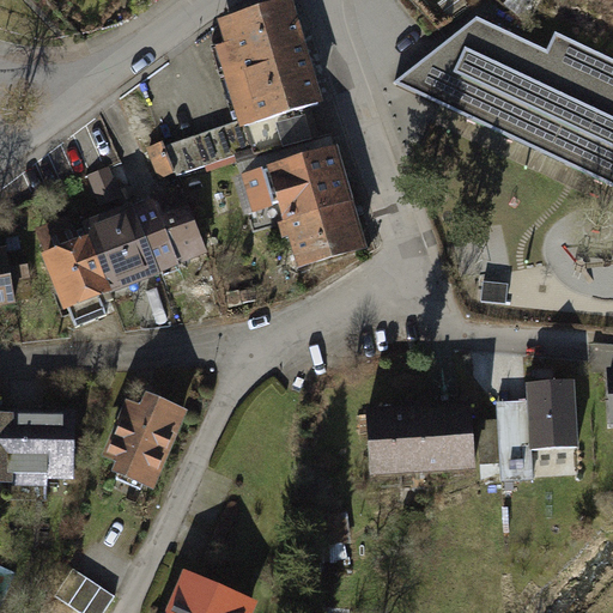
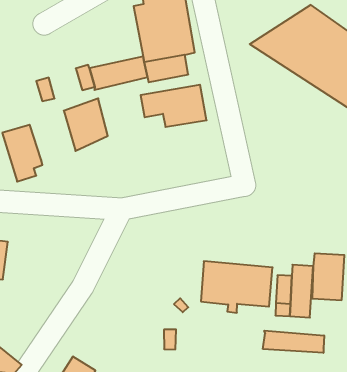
building: [280,201,359,263] -> none
building: [81,205,157,287] -> none
building: [104,402,175,482] -> none
building: none -> [263,331,324,353]

